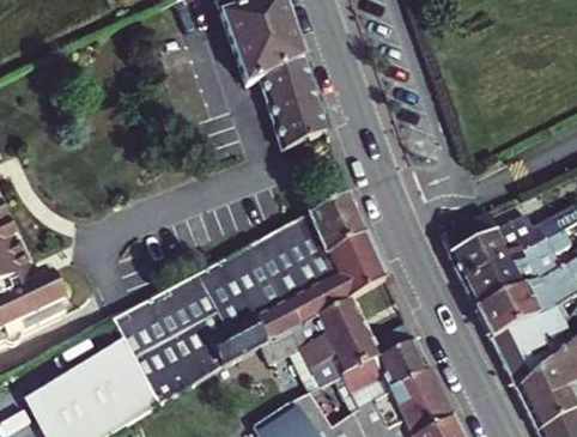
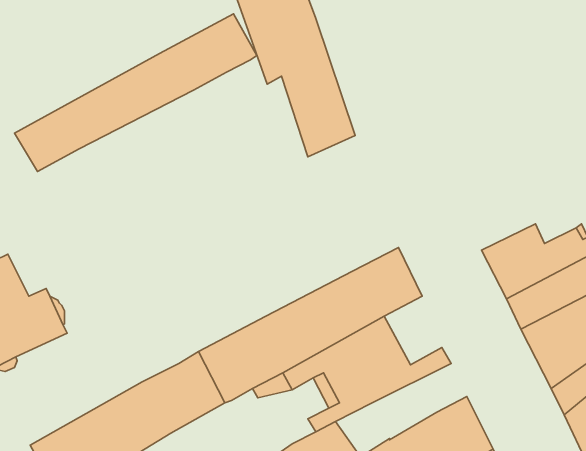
building: none -> [14,14,257,172]
building: [24,194,368,413] -> none
building: [344,339,430,408] -> none

